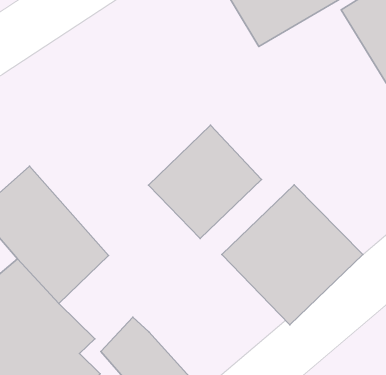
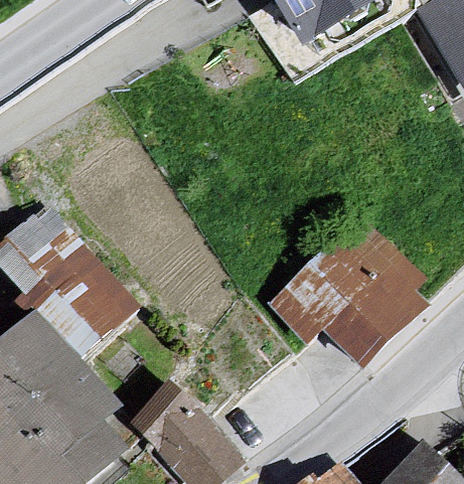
building: [149,125,261,239] -> none

